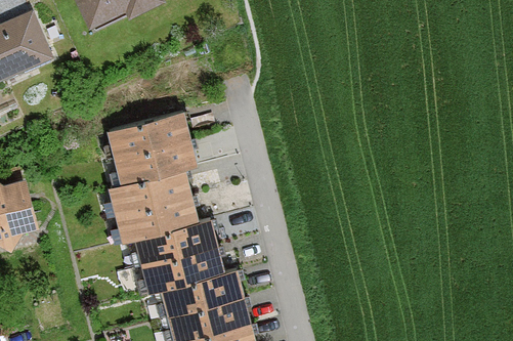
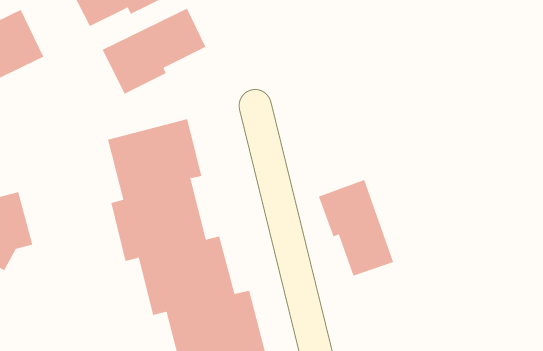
building: none -> [102,8,206,95]
building: none -> [318,179,394,277]

